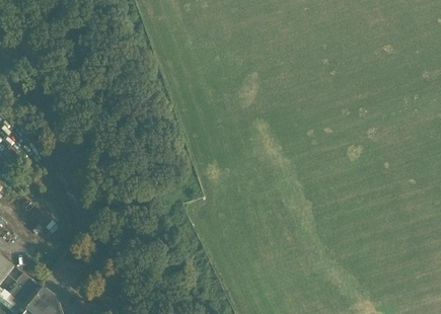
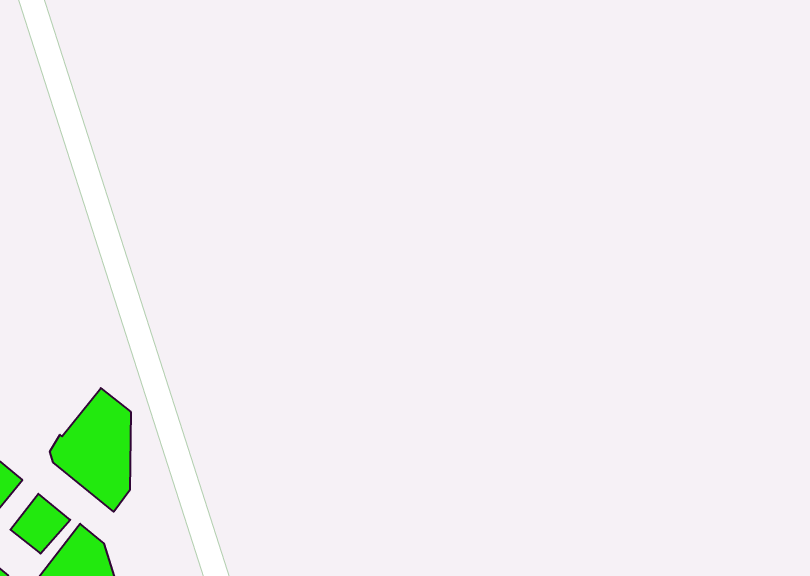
building: none -> [50,388,131,512]

